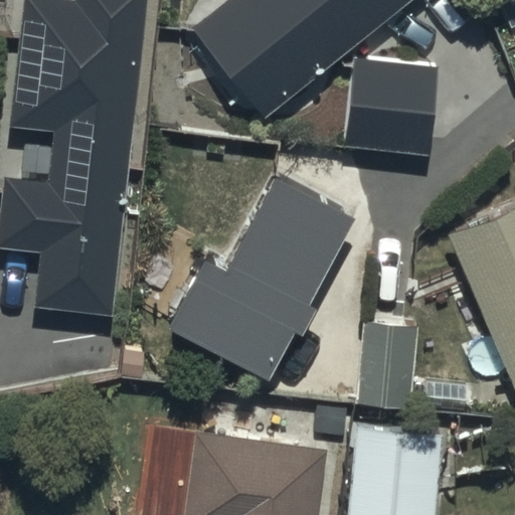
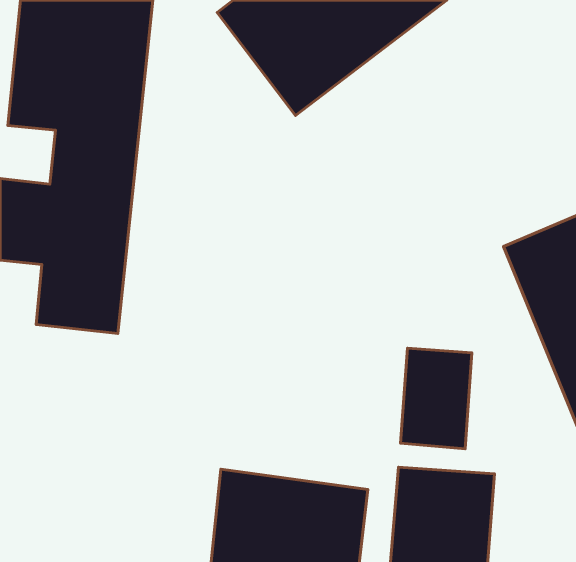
building: [342,62,436,156] -> none
building: [158,166,356,376] -> none

